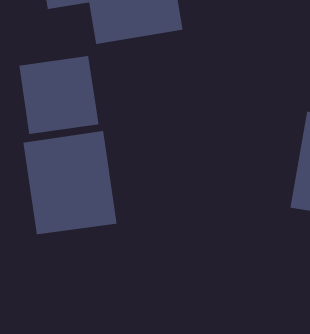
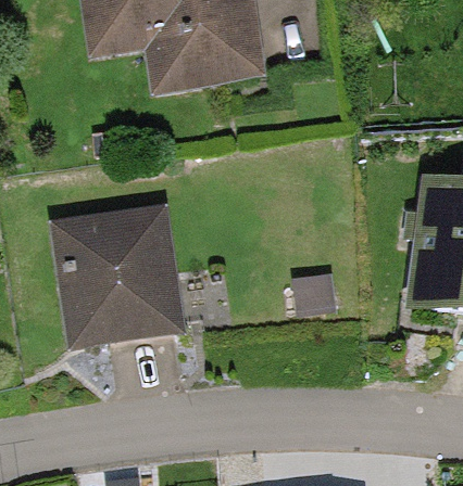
building: [19,55,99,135] -> none

